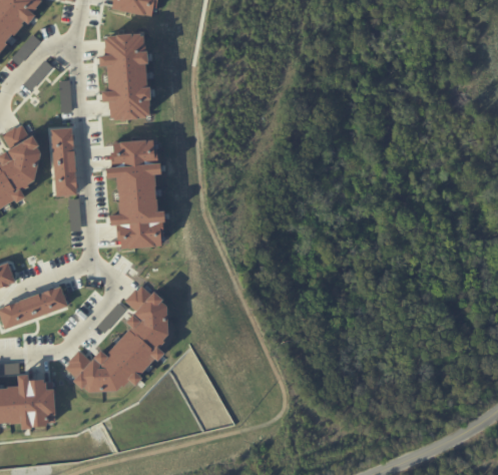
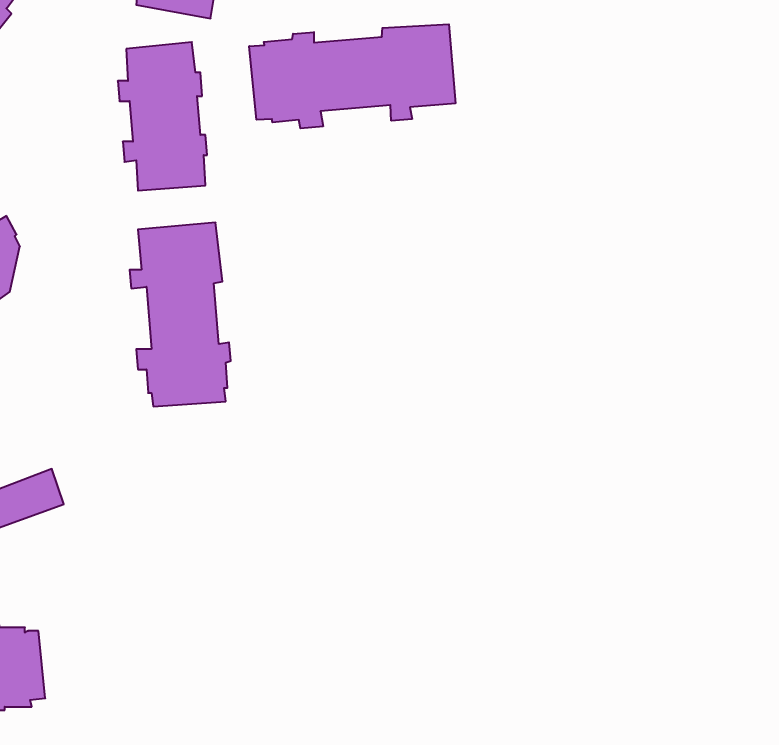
building: none -> [249,24,455,128]
building: [50,127,76,197] -> none
building: [62,285,168,393] -> none

